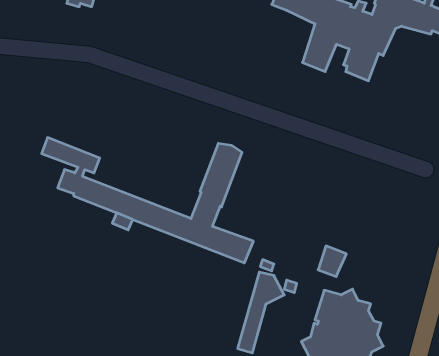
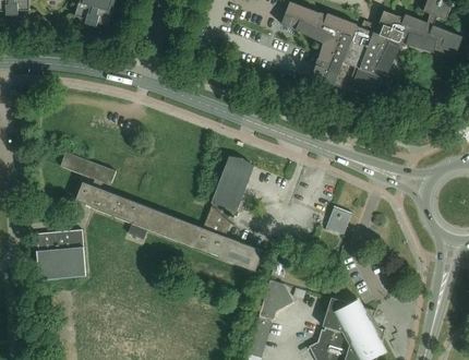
building: none -> [34,229,86,279]
building: [318,246,346,277] -> [325,205,352,235]

